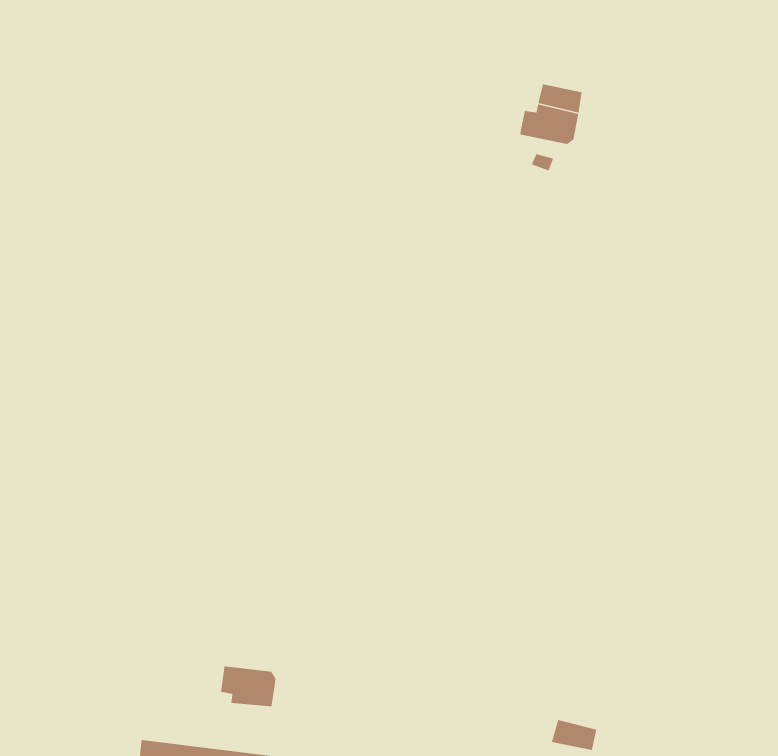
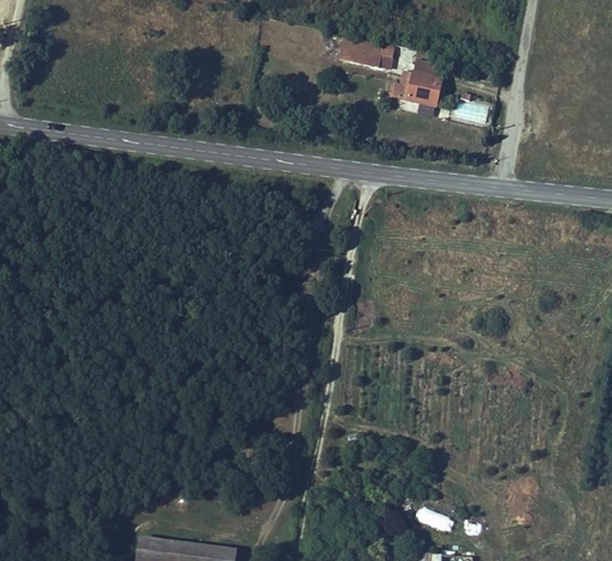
building: none -> [339,42,400,71]
building: [220,665,276,707] -> none

